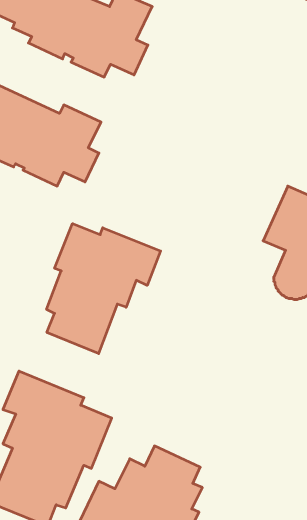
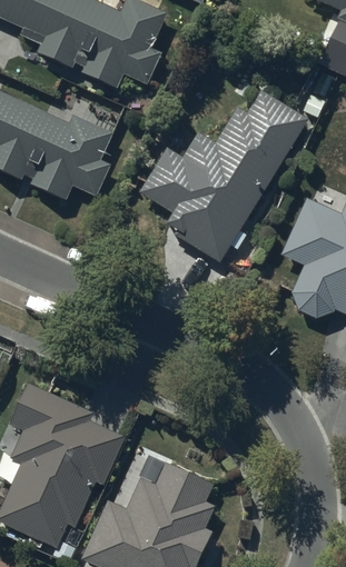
building: none -> [140,89,309,261]
building: [47,224,161,354] -> none

